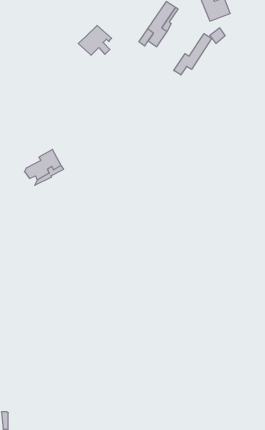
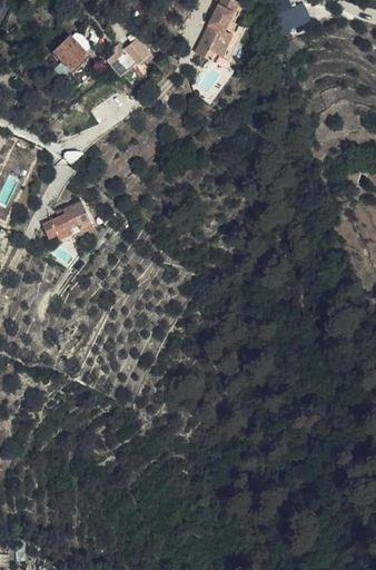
building: none -> [52,27,89,69]
building: [174,34,211,75] -> none

